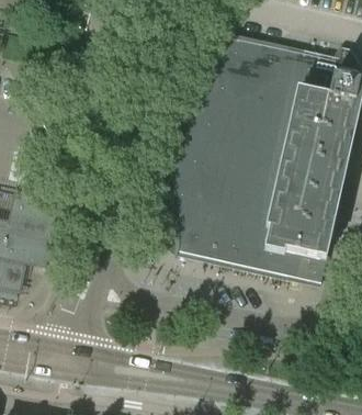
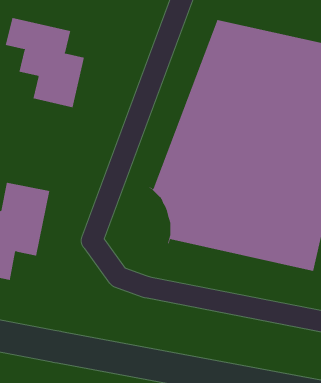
building: none -> [5,17,85,108]

